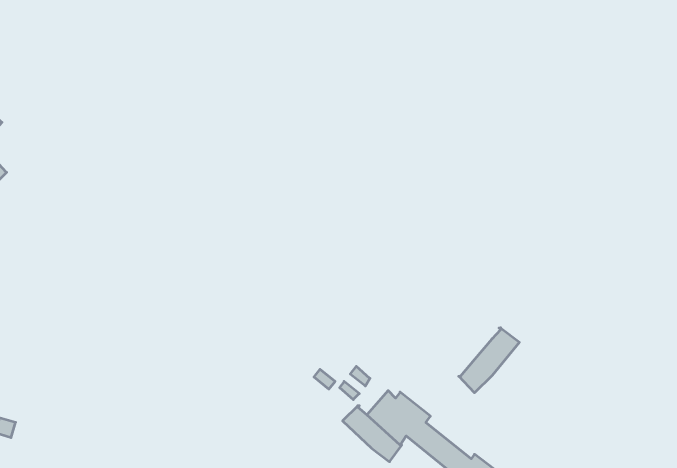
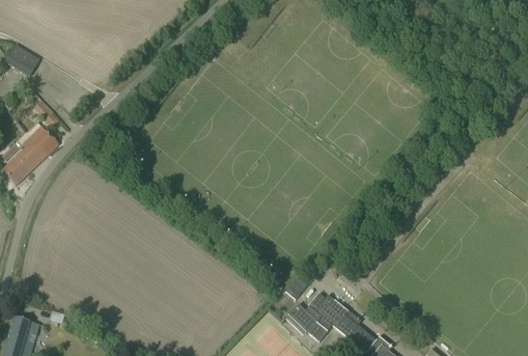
building: [459,328,519,393] -> none

